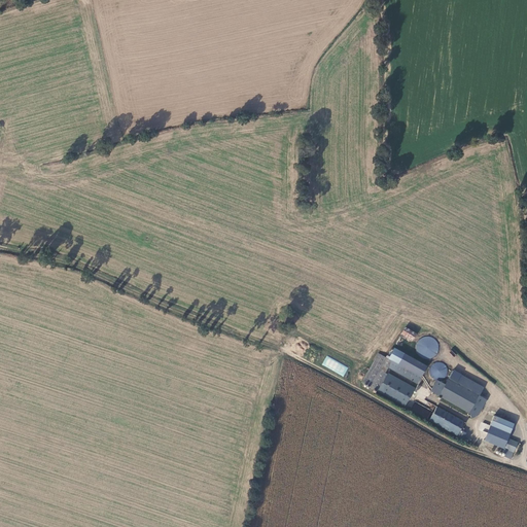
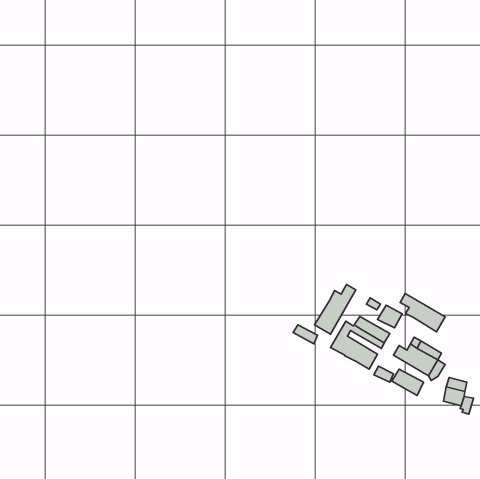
building: none -> [314,284,356,334]
building: none -> [400,294,445,332]

